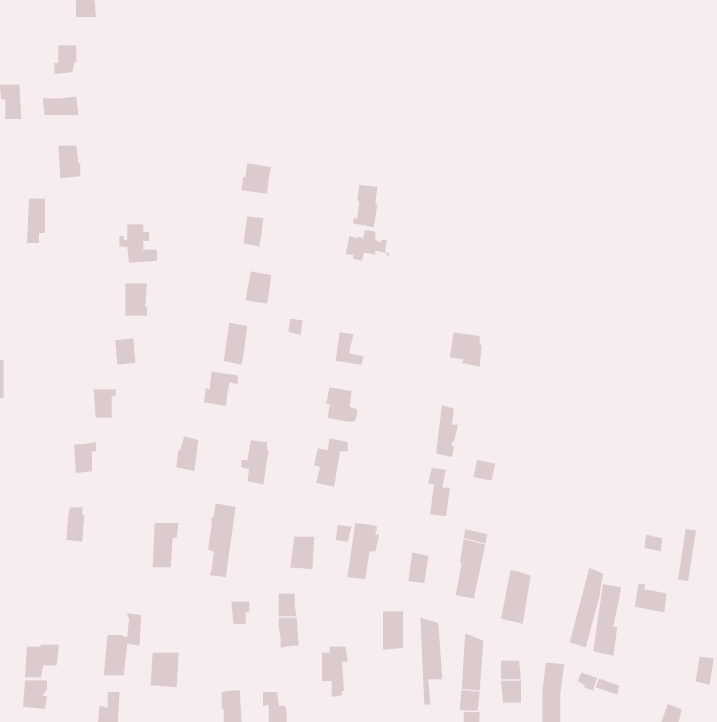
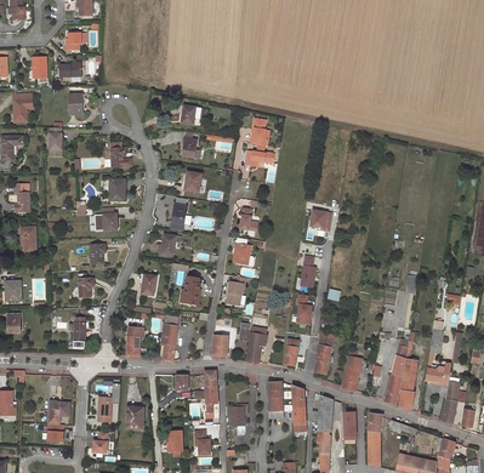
building: none -> [442,381,465,423]

